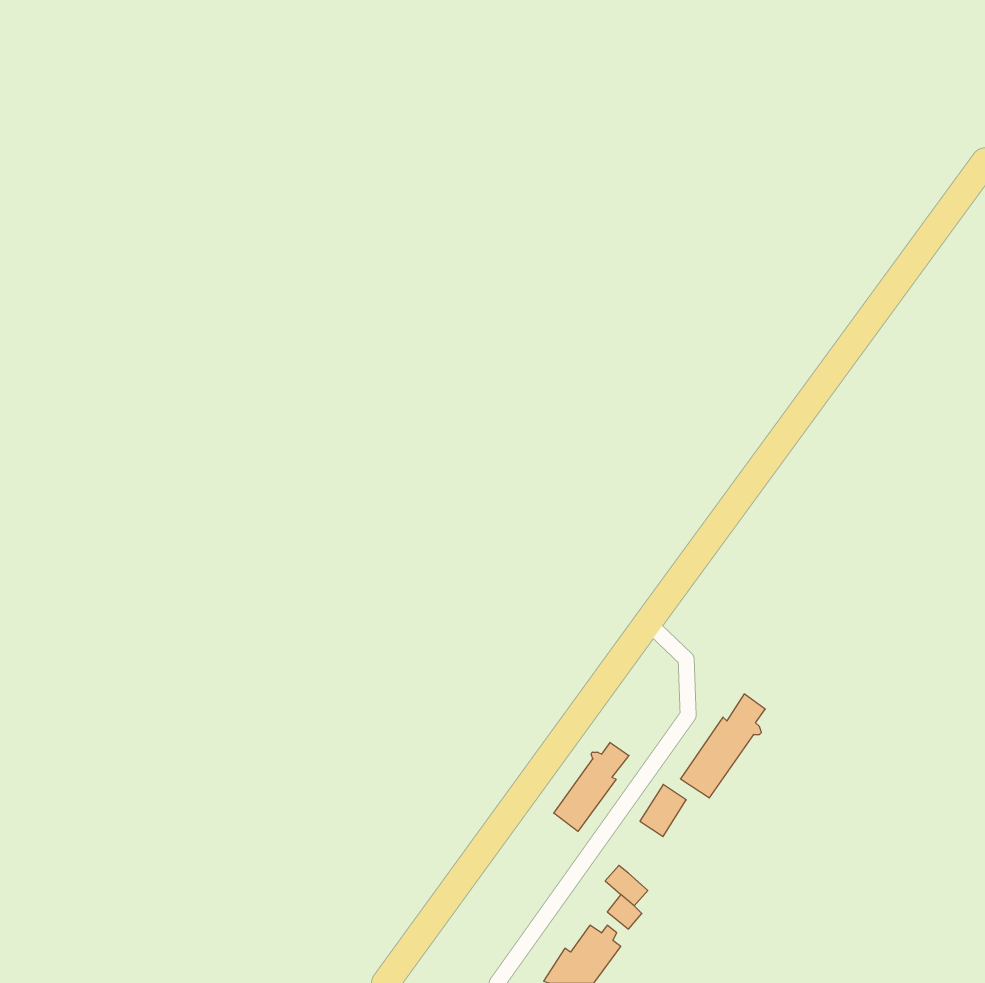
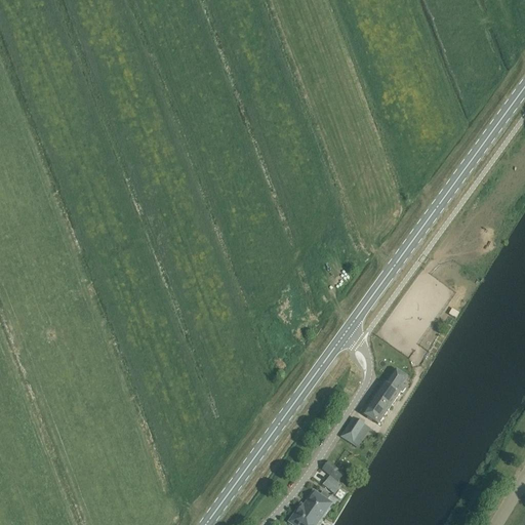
building: [554,742,629,831] -> none

